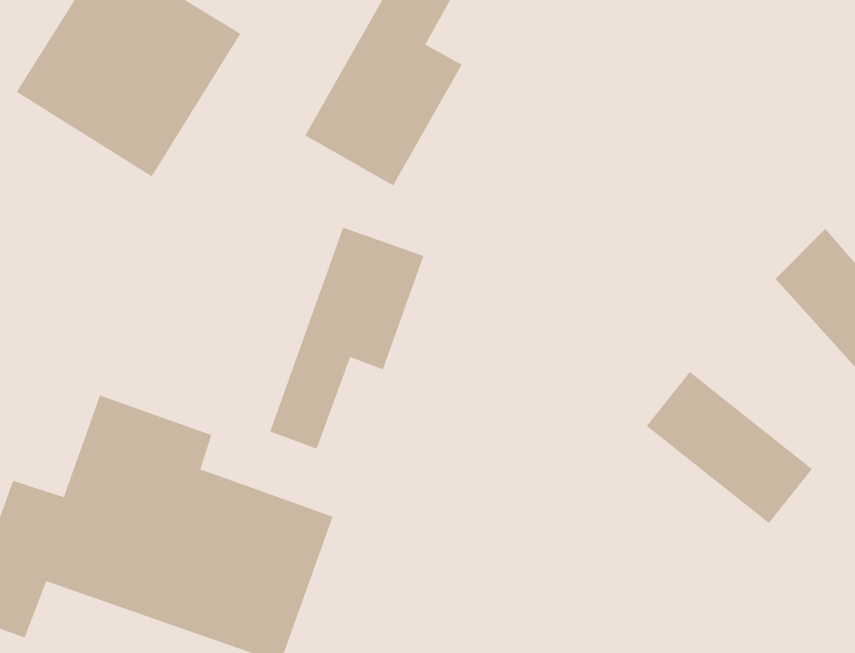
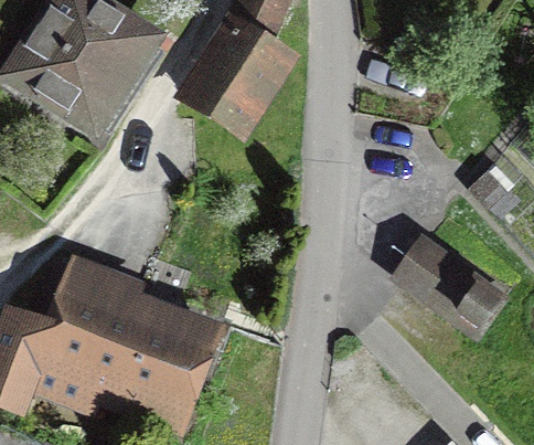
building: [269,227,424,449] -> none

